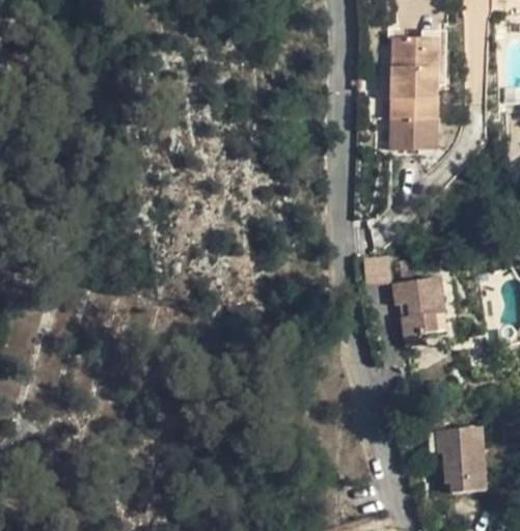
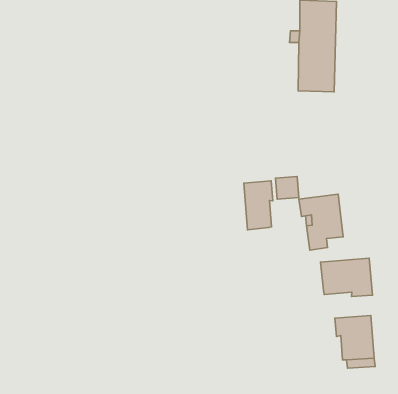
building: none -> [244,181,273,230]
building: none -> [321,258,373,297]

